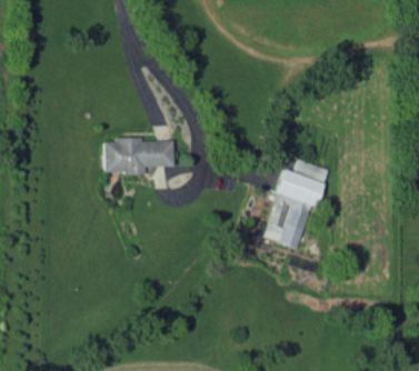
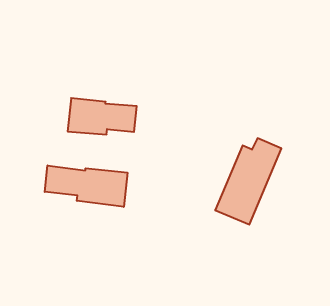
building: none -> [45,165,127,207]

